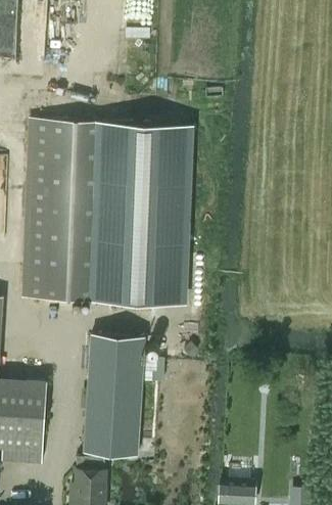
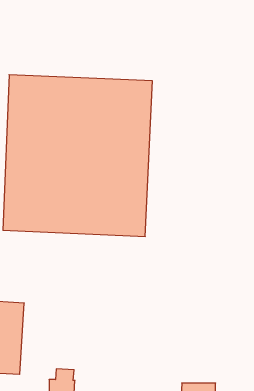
building: [84,336,163,456] -> none

